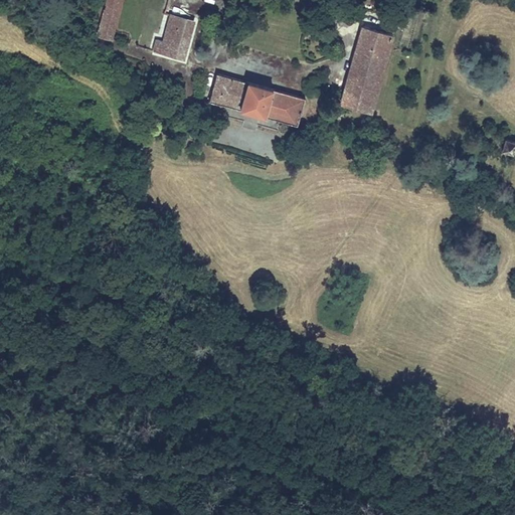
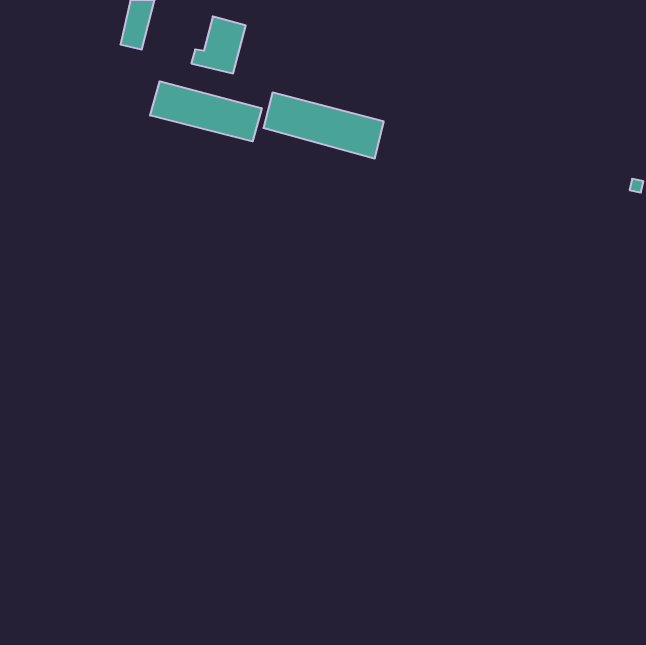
building: [339,27,394,115] -> none
building: none -> [150,81,262,141]

